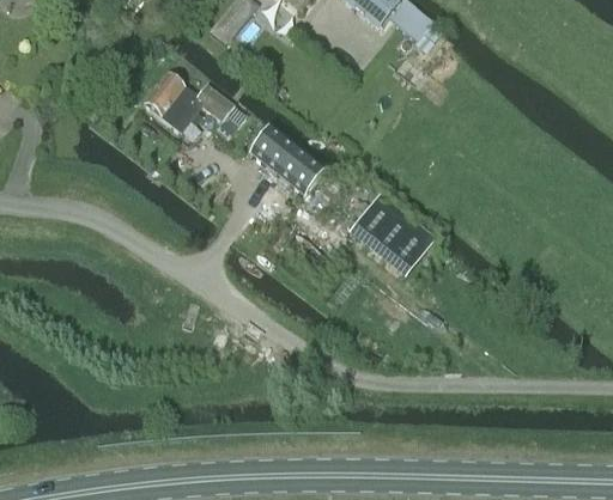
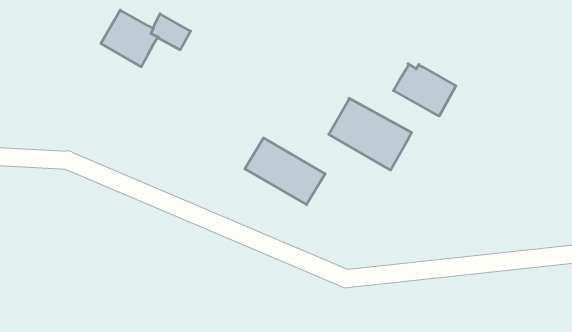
building: [248,124,326,196] -> [245,138,325,205]
building: none -> [393,64,456,116]

